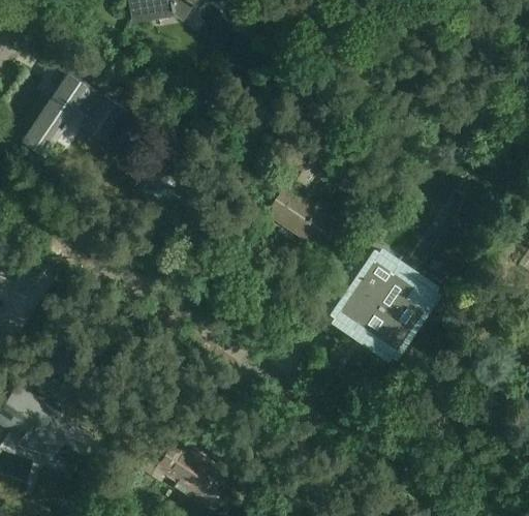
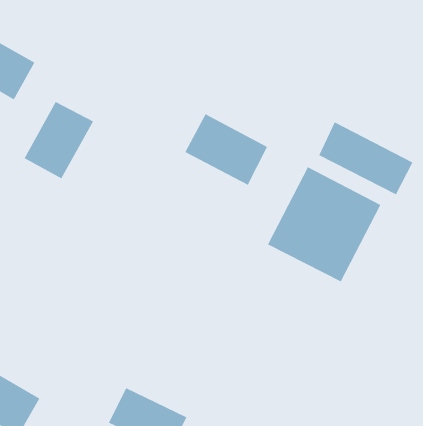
building: none -> [24,101,94,179]
building: none -> [318,121,413,195]

